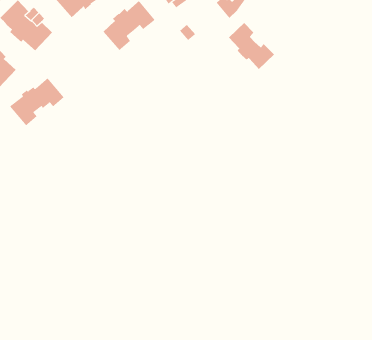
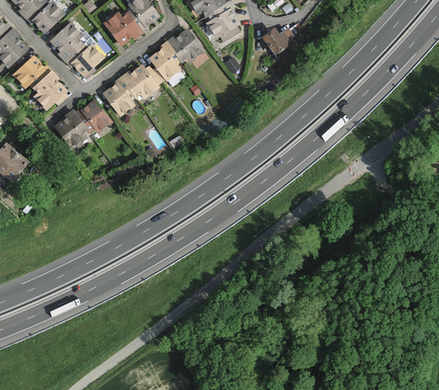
building: [228,22,275,70] -> none
building: none -> [105,67,157,115]

